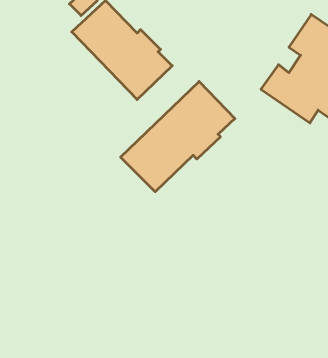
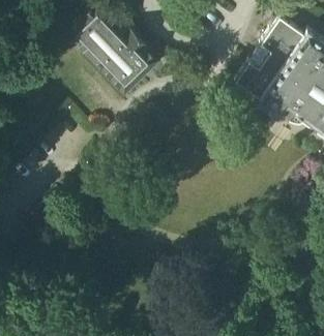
building: [121,81,235,192] -> none

